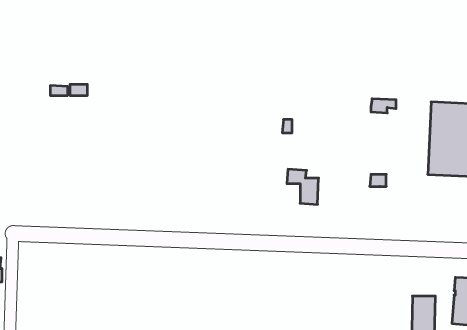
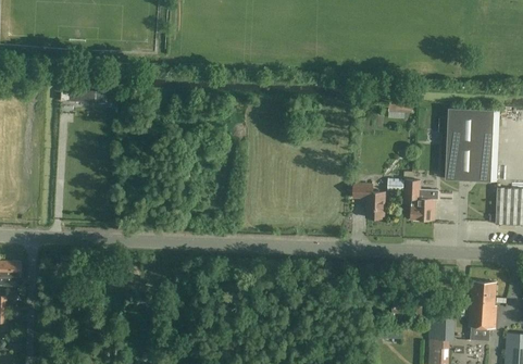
building: [287,169,319,204] -> [353,184,385,218]
building: none -> [406,180,438,221]

